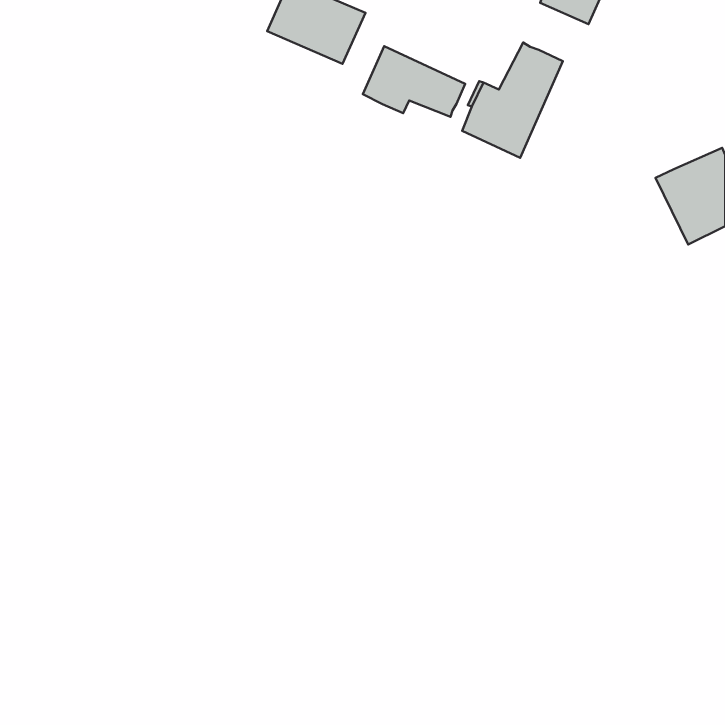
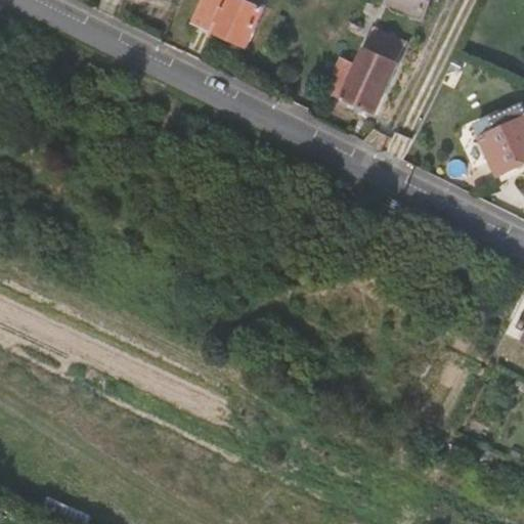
building: [363,46,465,117] -> none

